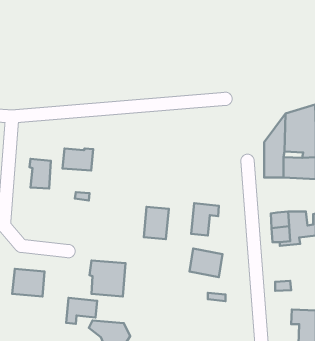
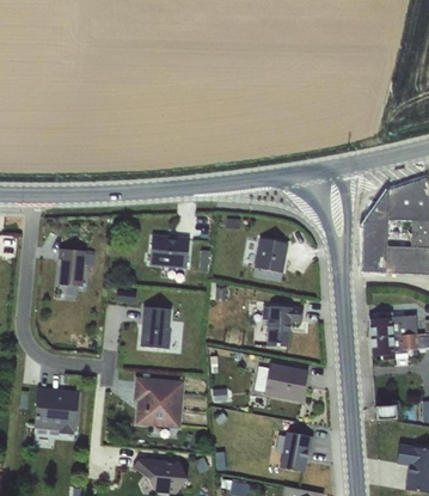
building: [63,148,93,171] -> [149,235,189,264]
building: none -> [255,238,288,273]
building: [144,207,169,239] -> [140,306,172,348]
building: [66,298,97,324] -> none
building: none -> [280,431,312,472]

